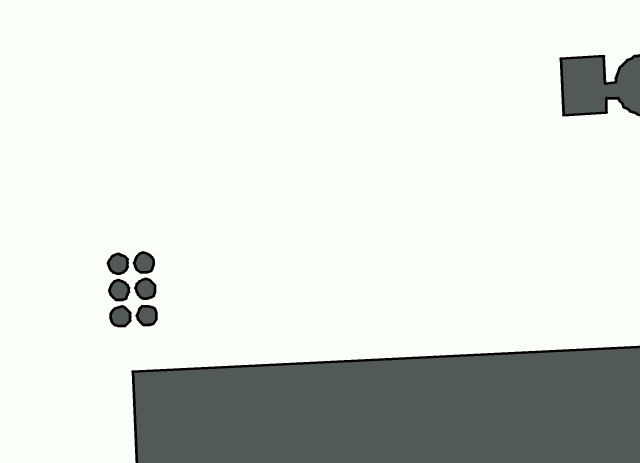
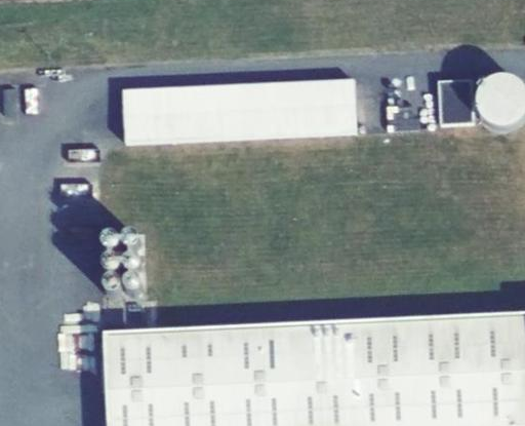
building: none -> [126,79,359,142]

